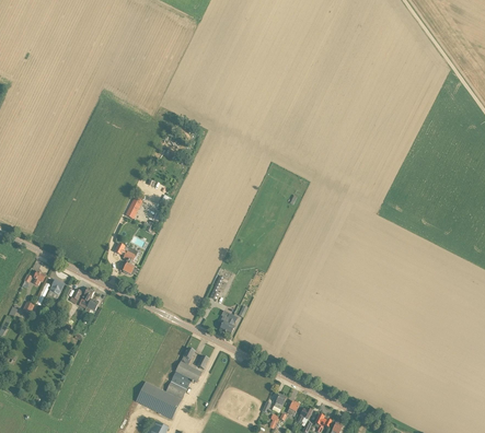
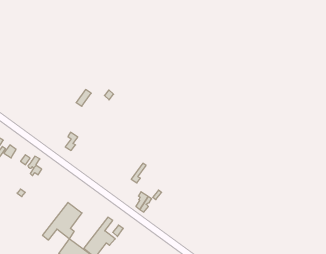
building: none -> [43,202,82,240]

